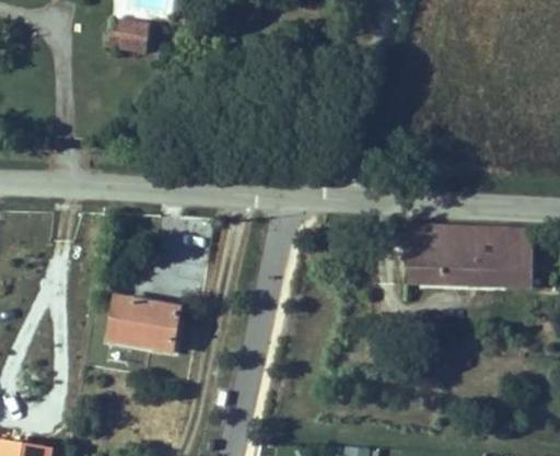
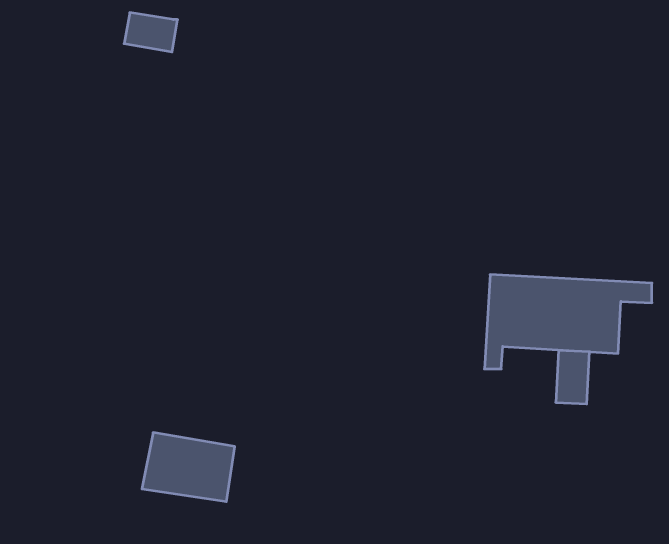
building: [489,245,515,287] -> [556,350,590,404]
building: [109,292,182,346] -> [142,433,235,502]

